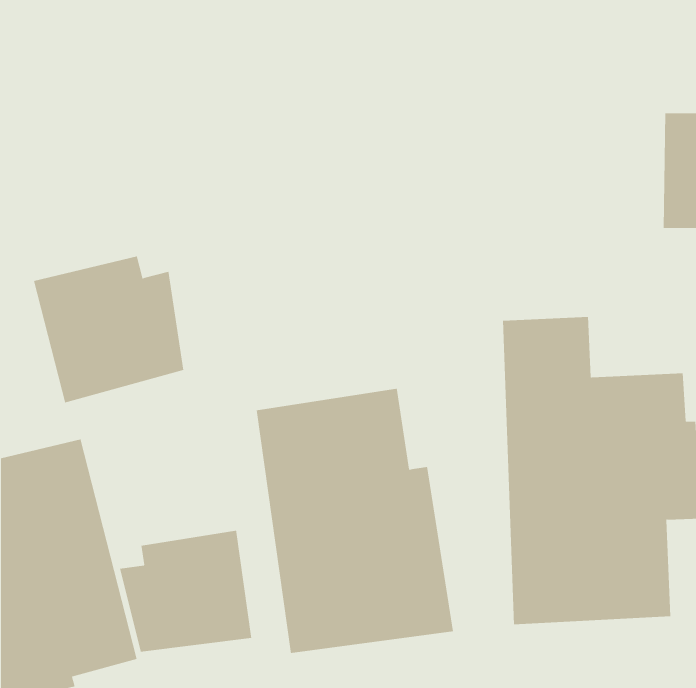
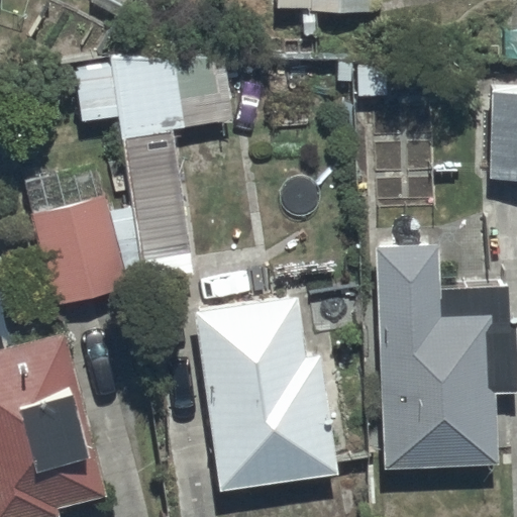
building: none -> [74,53,219,285]
building: [119,530,252,652] -> none

